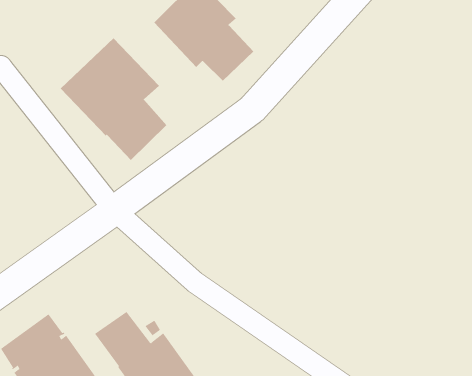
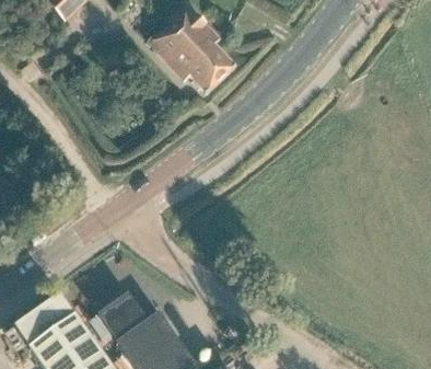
building: [60,38,167,161] -> none

